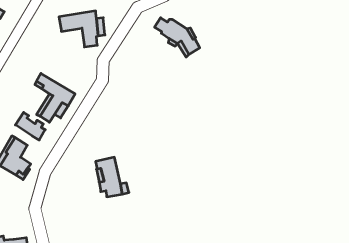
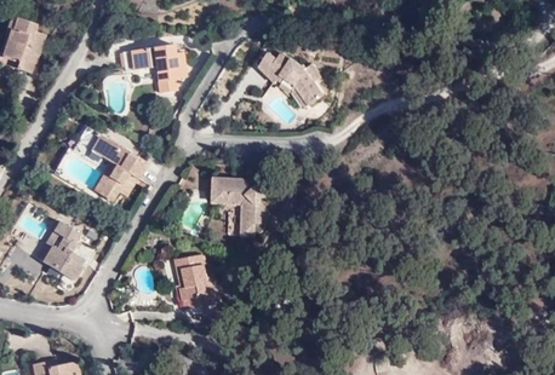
building: none -> [213,174,269,232]
building: [15,112,45,140] -> none

